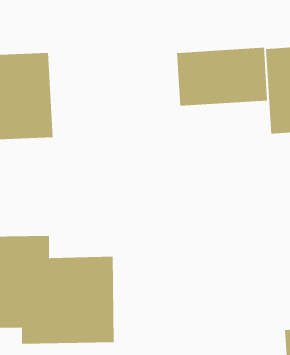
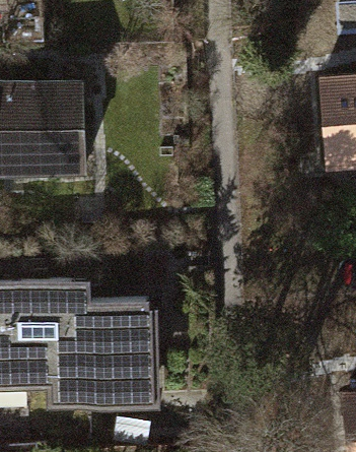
building: [177,47,268,107] -> none

